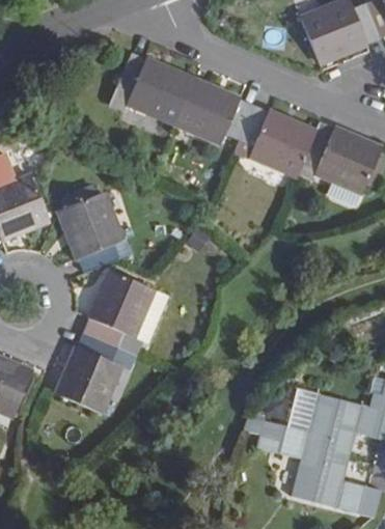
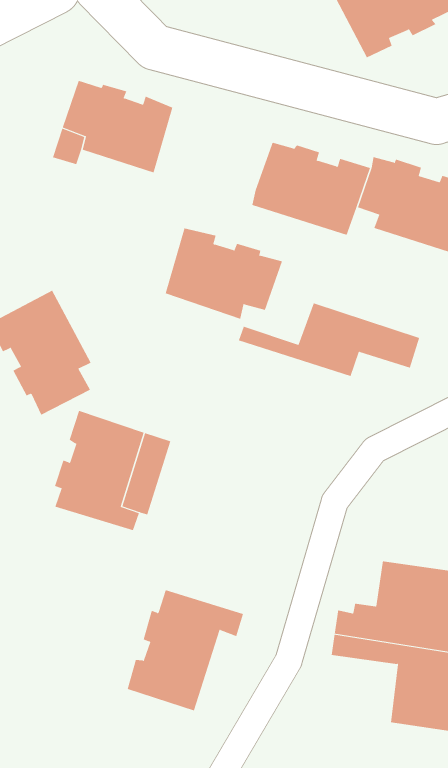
building: [173,81,252,144] -> [165,228,283,319]
building: none -> [238,303,420,377]
building: [56,333,137,414] -> [127,590,244,711]

